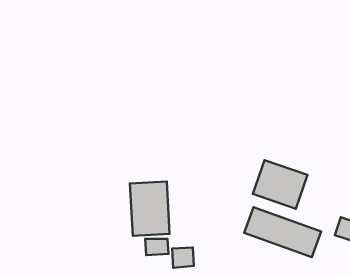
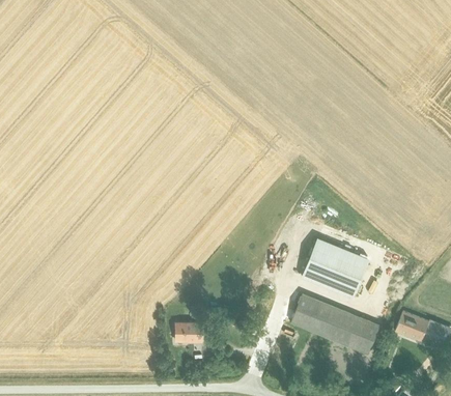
building: [130,182,170,236] -> none
building: [172,248,194,268] -> none

